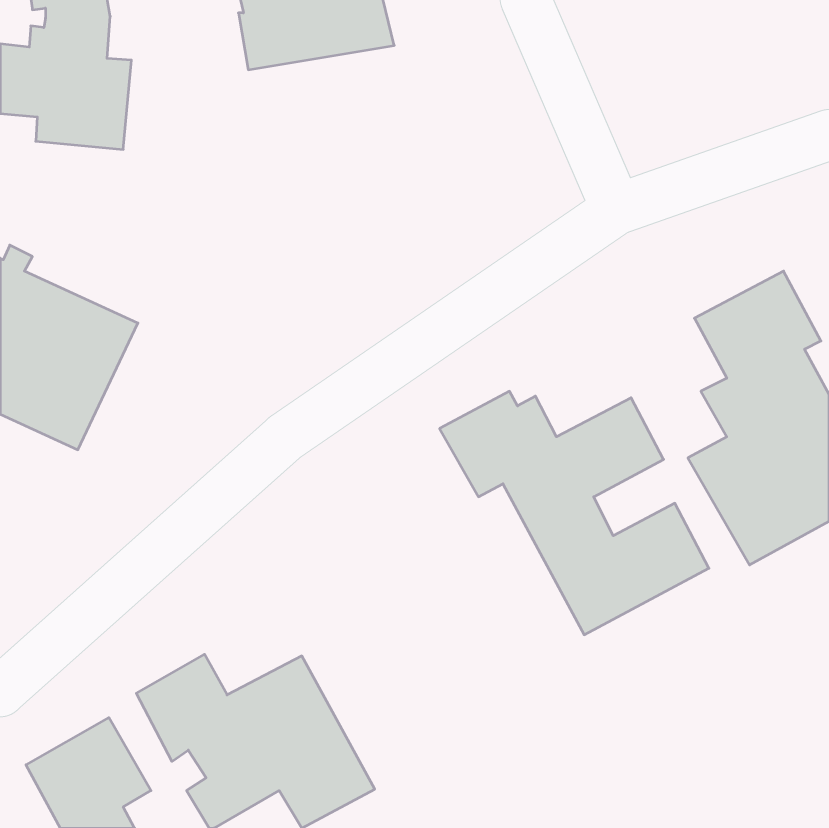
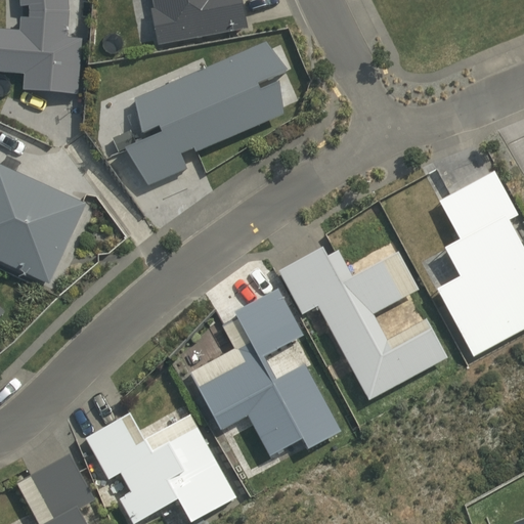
building: none -> [122,41,286,185]
building: none -> [189,288,343,456]

